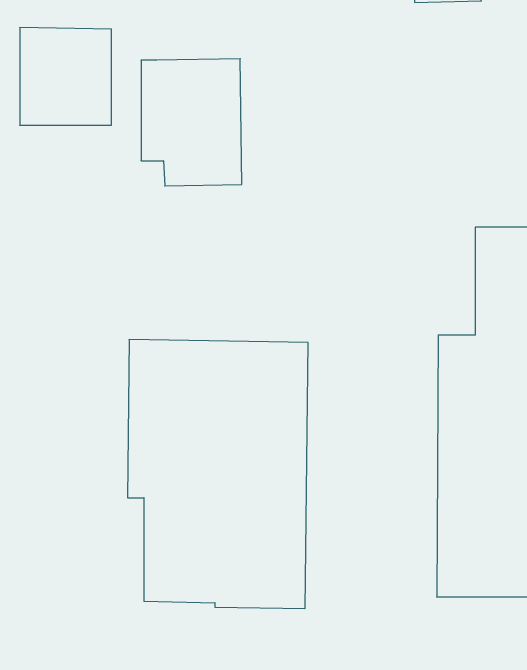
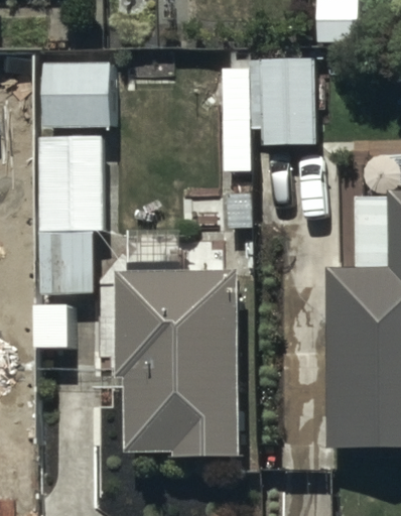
building: [141,59,242,186] -> [244,56,312,143]
building: none -> [38,137,98,293]

